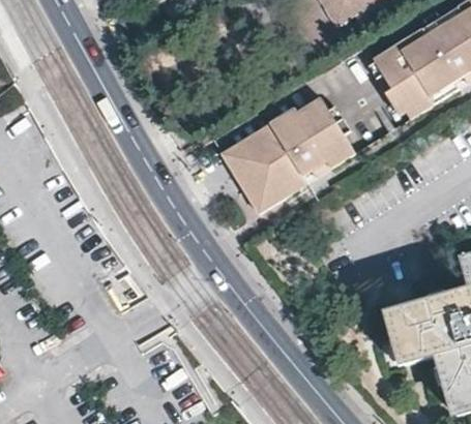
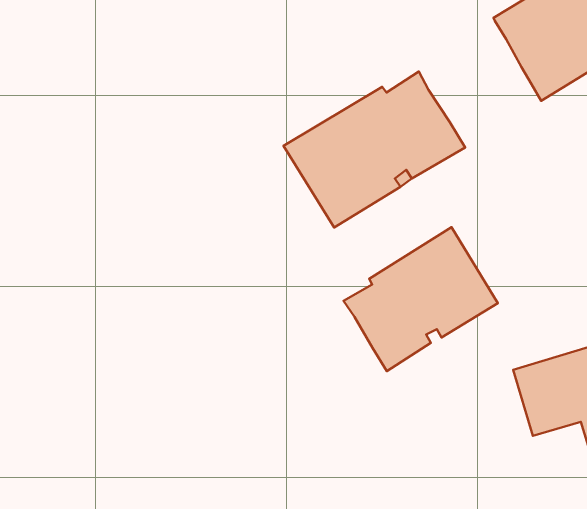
building: none -> [344,227,498,371]

